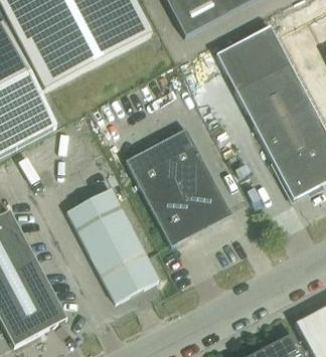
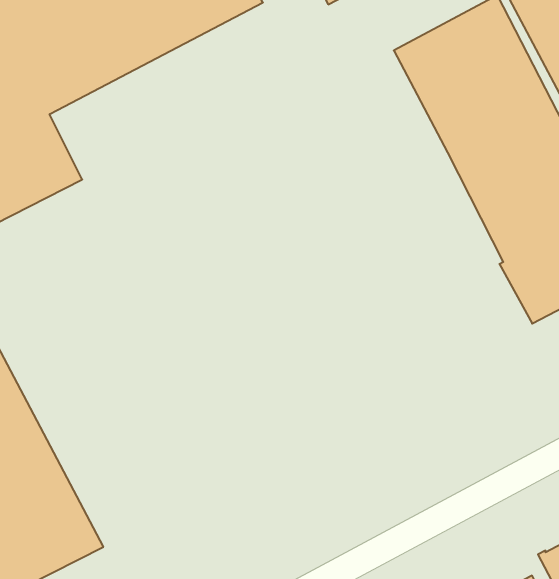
building: [124,127,231,246] -> none
building: [66,188,157,302] -> none

